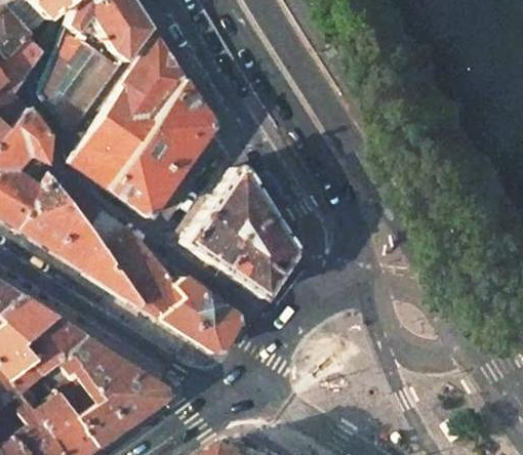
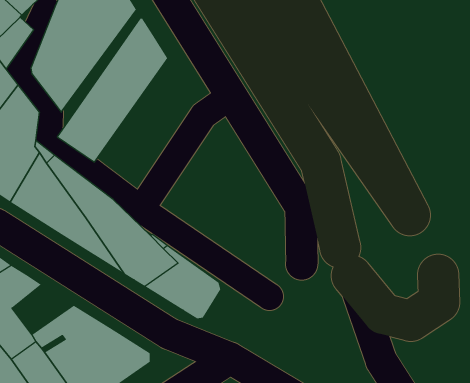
building: [109,81,214,218] -> none
building: [185,168,293,297] -> none
building: [23,318,87,370] -> none

